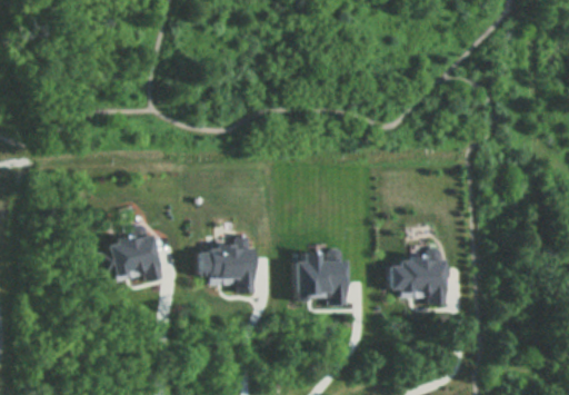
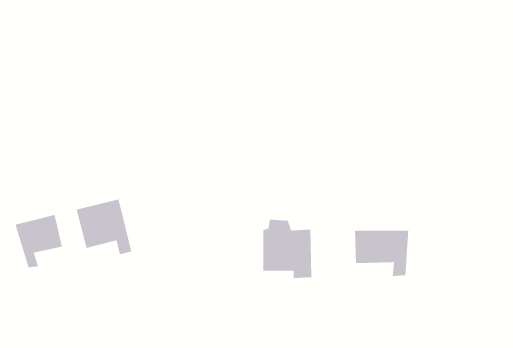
building: [196,240,260,295] -> none
building: none -> [15,214,62,268]

